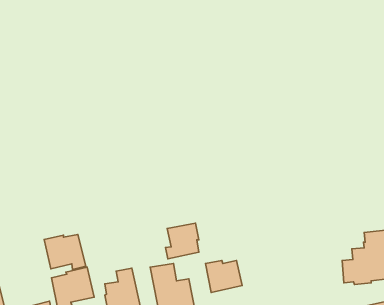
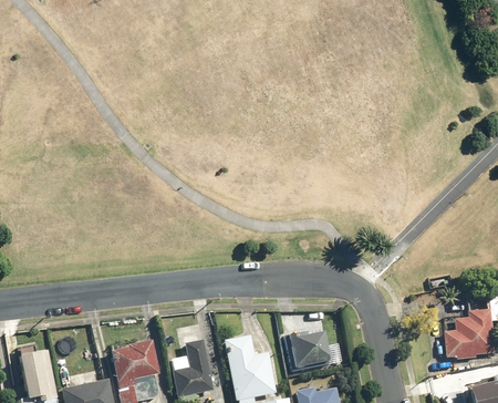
building: [165,223,199,259] -> none
building: [44,234,86,270] -> none

